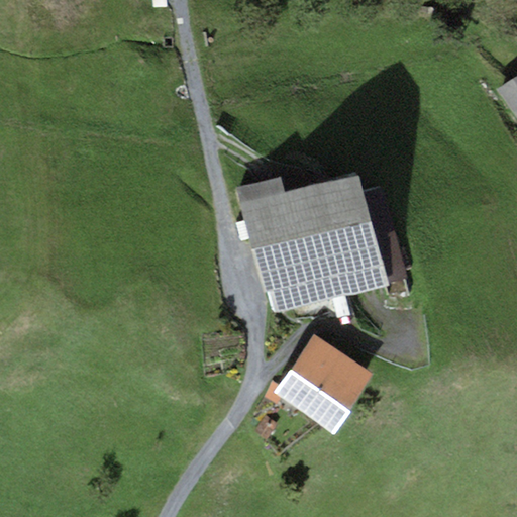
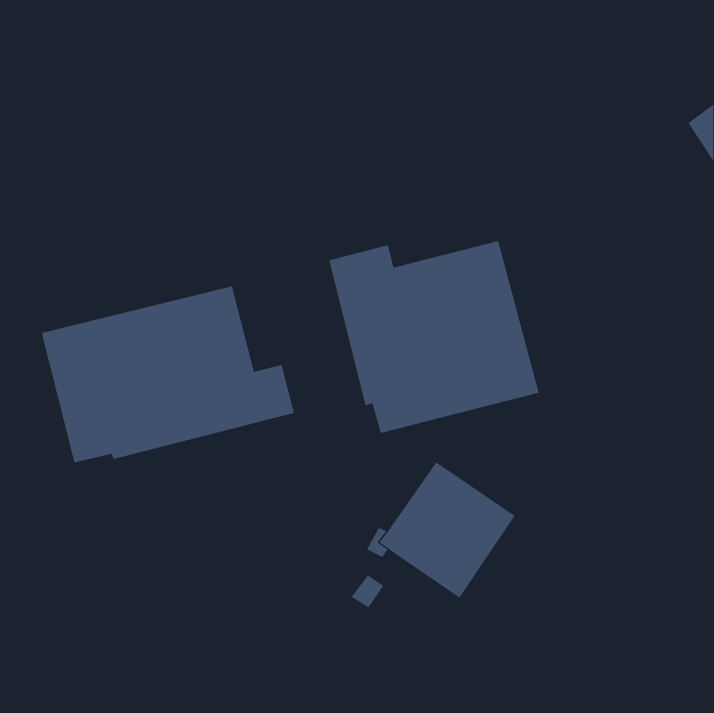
building: none -> [41,285,294,463]

